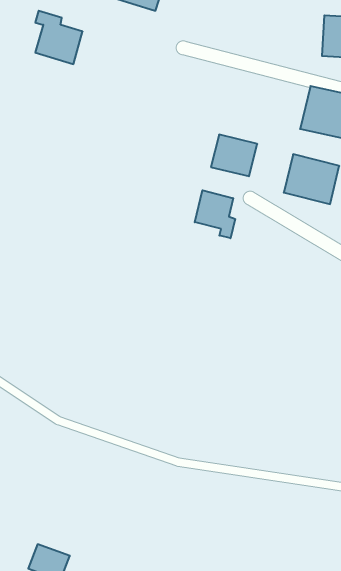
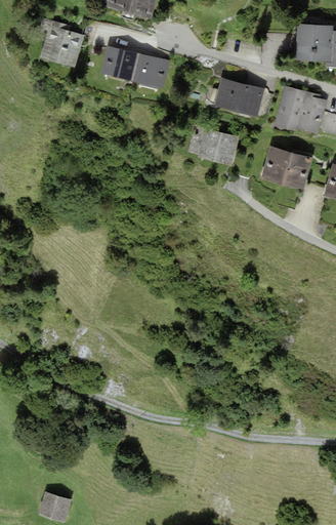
building: none -> [101,47,169,88]
building: none -> [214,77,264,117]
building: [195,190,235,238] -> none

